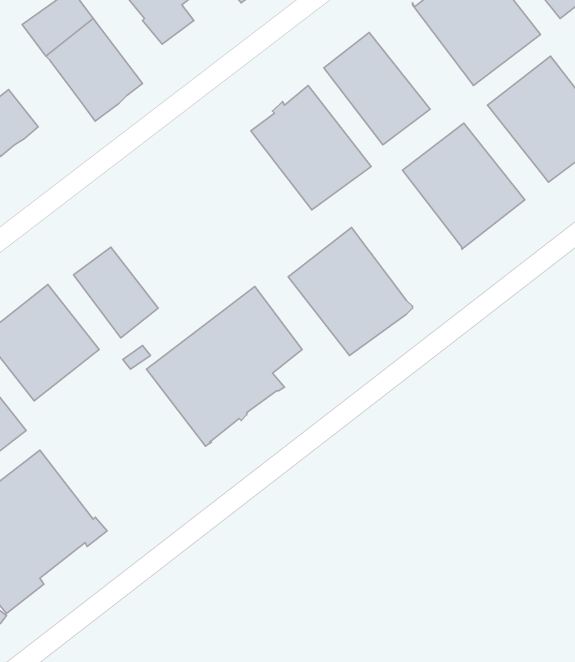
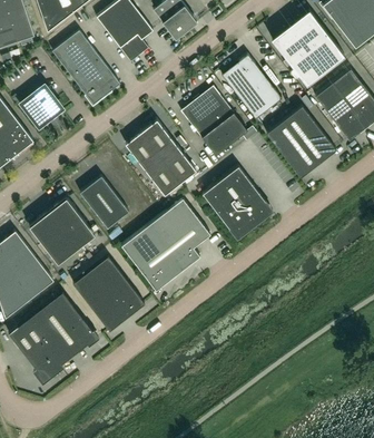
building: none -> [125,120,196,196]
building: none -> [72,256,144,331]

